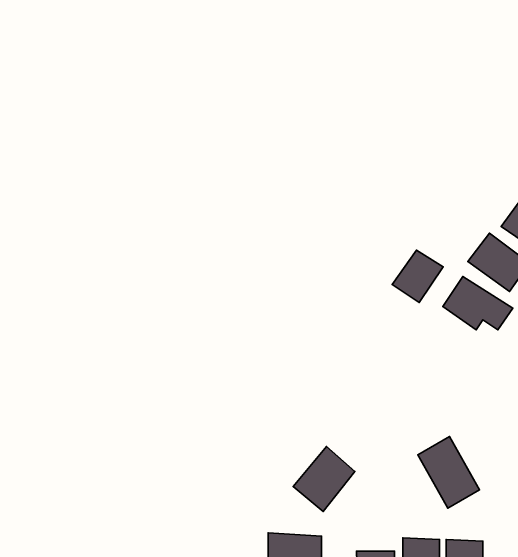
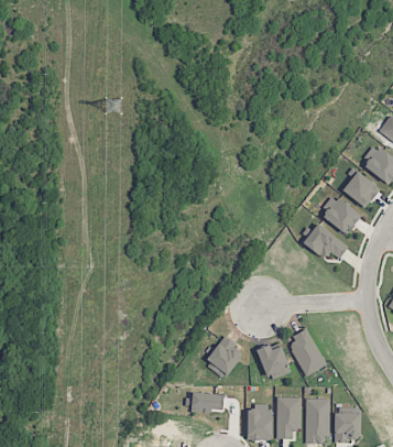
building: [392,250,443,303] -> none
building: none -> [256,344,292,379]

